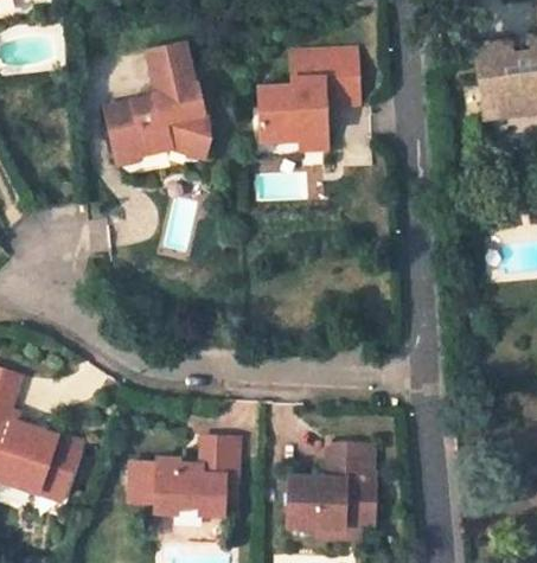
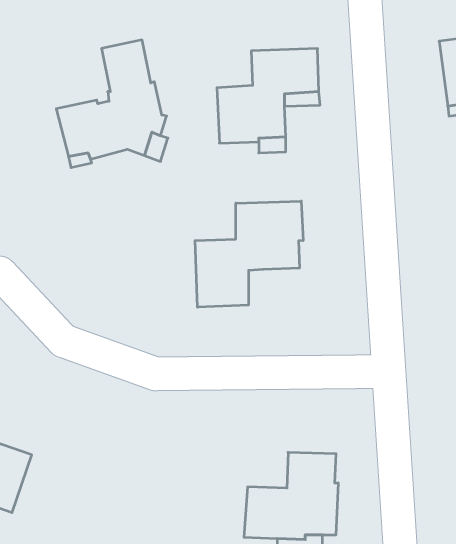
building: none -> [195,201,303,307]
building: [130,436,238,514] -> none

